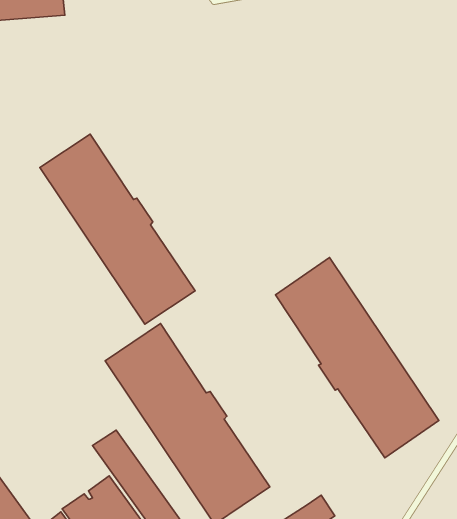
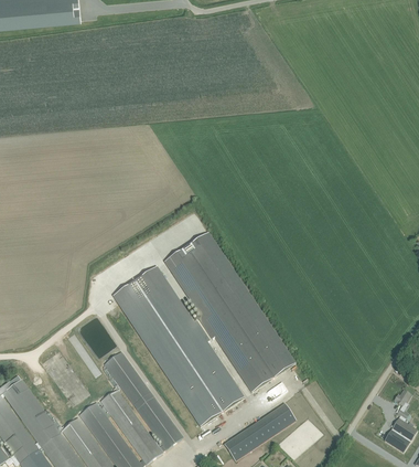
building: [40,134,195,324] -> none
building: [276,257,439,458] -> [165,233,296,393]

